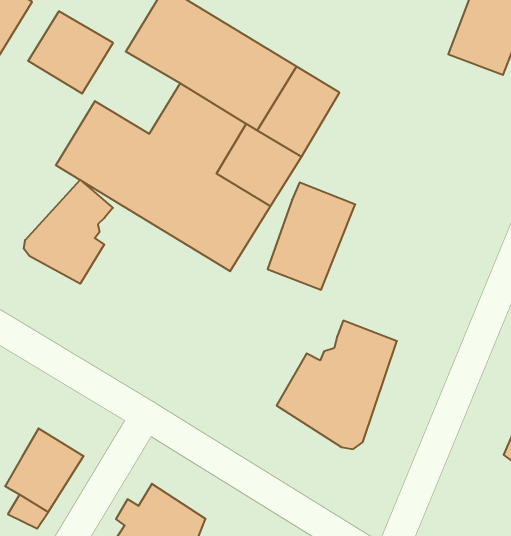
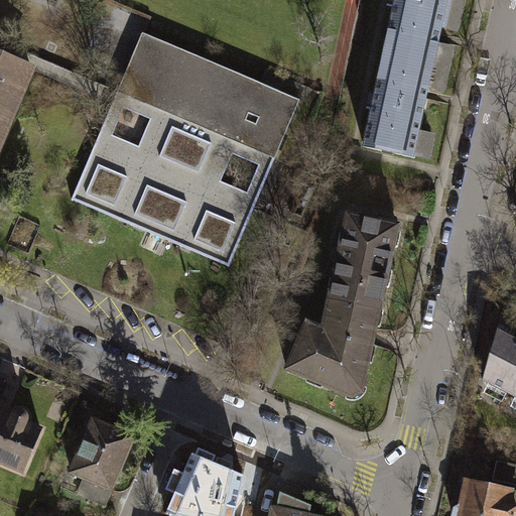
building: [28,11,113,94] -> [96,94,164,159]
building: none -> [365,53,432,152]
building: [24,180,113,284] -> none
building: [268,182,355,290] -> [332,213,396,299]

